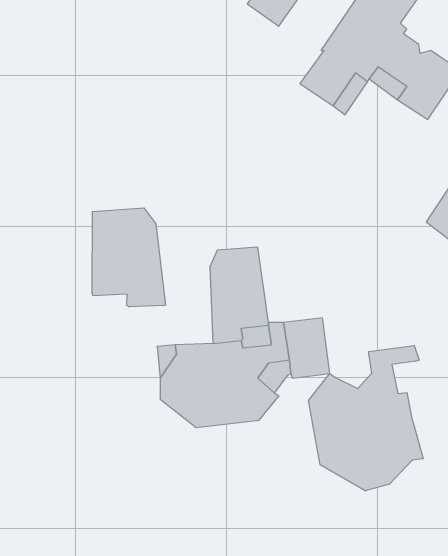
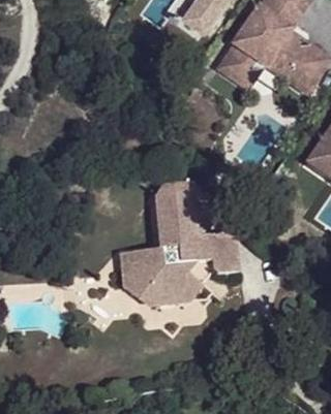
building: [92,208,165,307] -> none
building: [308,345,423,491] -> none

